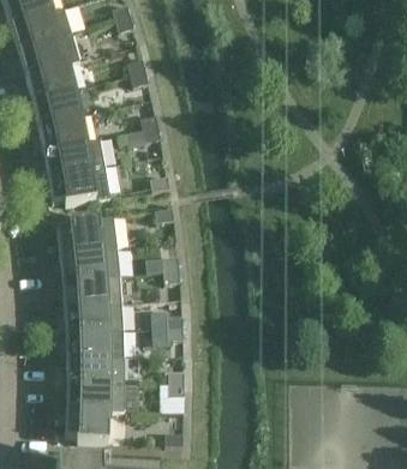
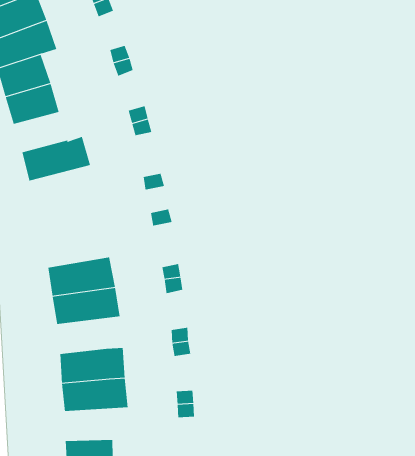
building: [36,113,84,146] -> none
building: [47,162,108,202] -> none
building: [55,212,115,251] -> none
building: [64,299,122,329] -> none
building: [65,380,124,408] -> none

